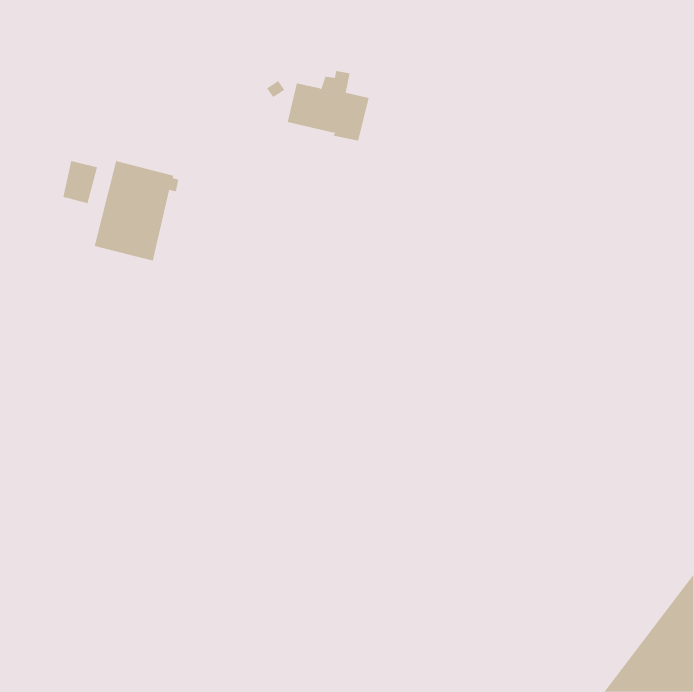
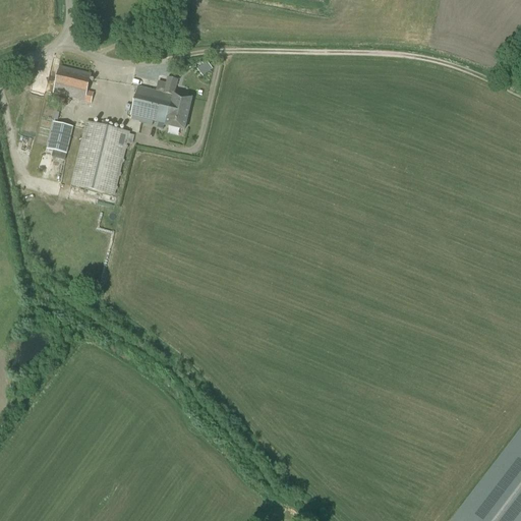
building: [287,71,370,141] -> [130,76,192,129]
building: none -> [52,64,94,103]

